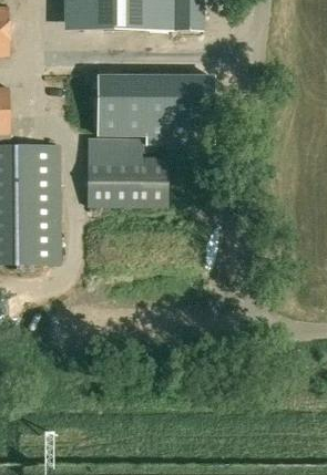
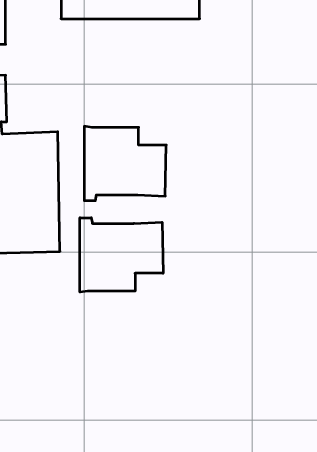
building: [95,76,213,146] -> none
building: none -> [80,218,163,292]

